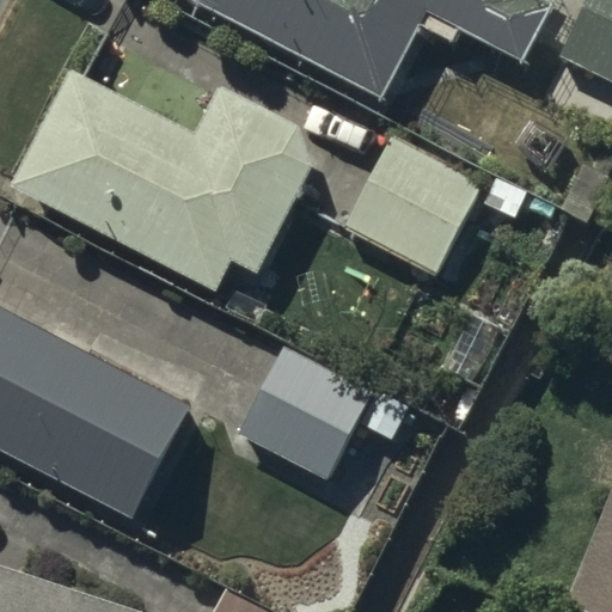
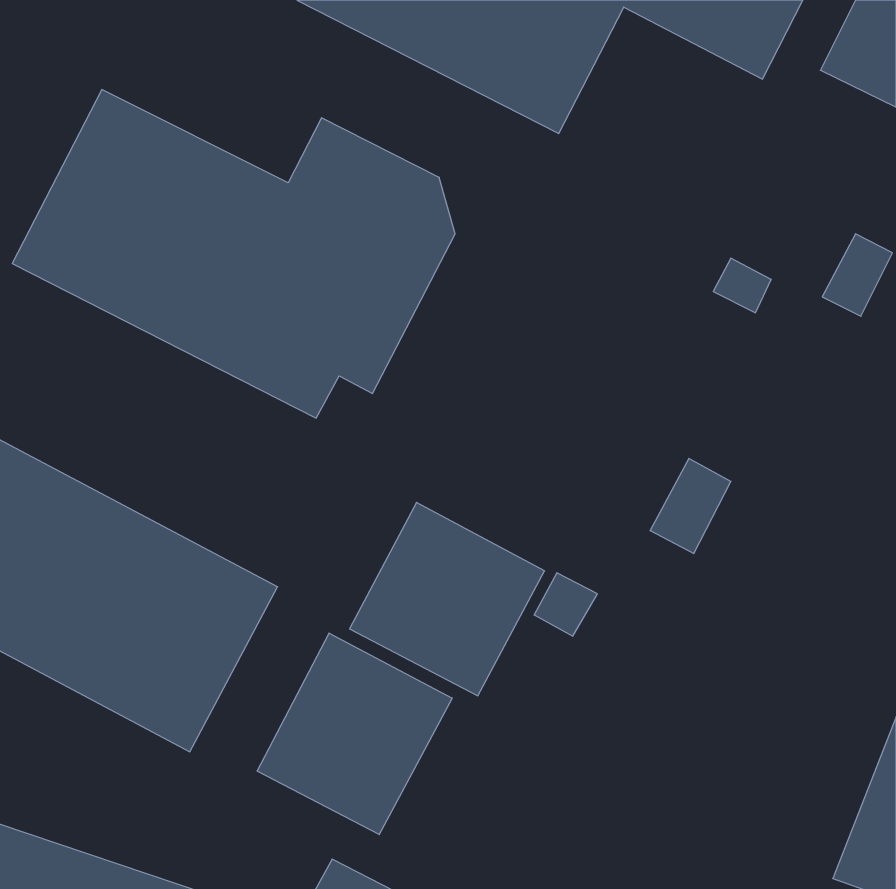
building: [345,136,484,275] -> none
building: none -> [257,633,452,835]

